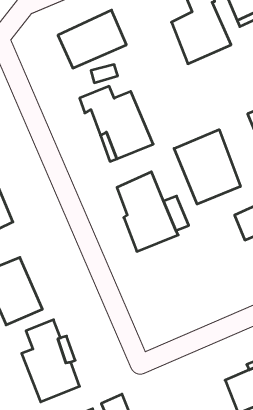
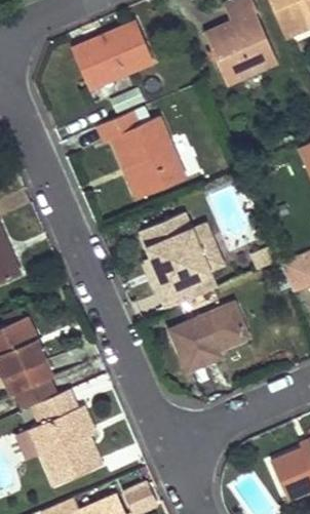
building: [174,130,240,204] -> none
building: none -> [170,305,248,371]

